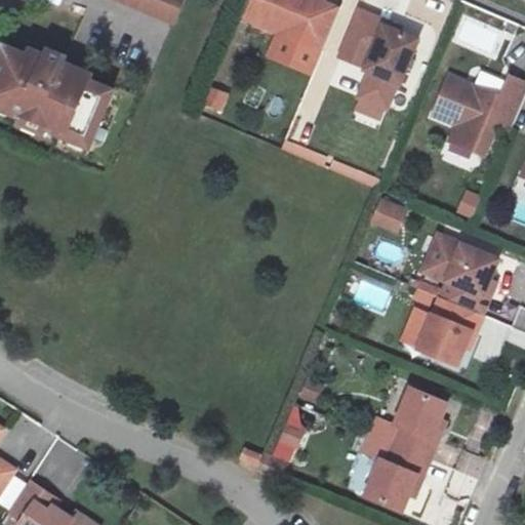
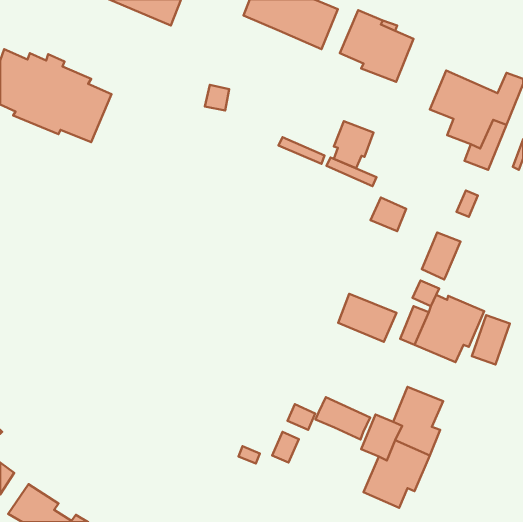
building: [269,31,322,75] -> none
building: [357,71,397,118] -> [334,121,374,168]
building: [446,242,497,312] -> none
building: none -> [338,294,397,342]
building: none -> [315,397,370,440]

